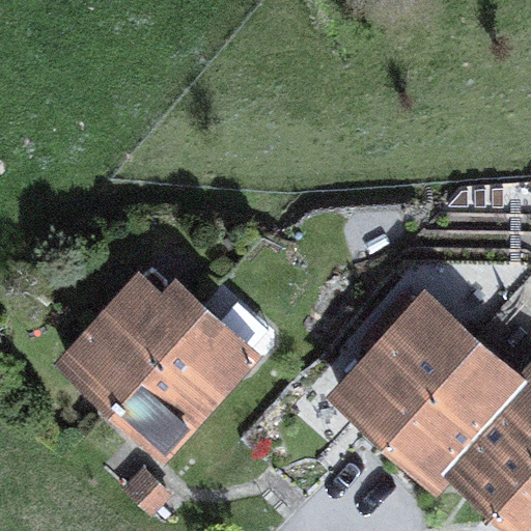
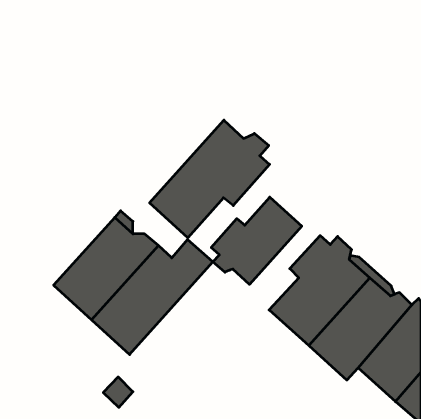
building: none -> [150,120,270,238]
building: none -> [211,197,302,284]

